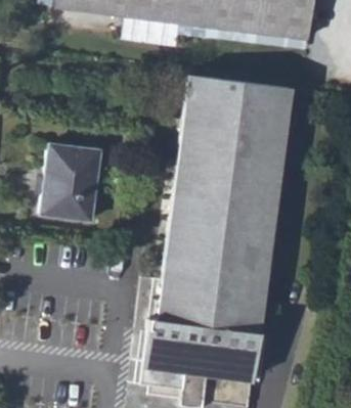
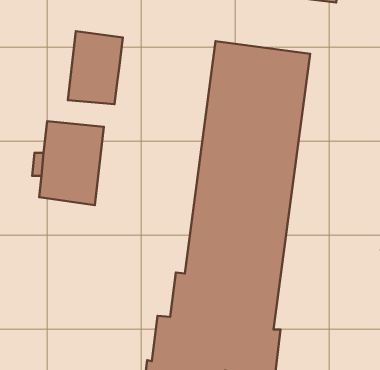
building: none -> [68,31,123,104]

